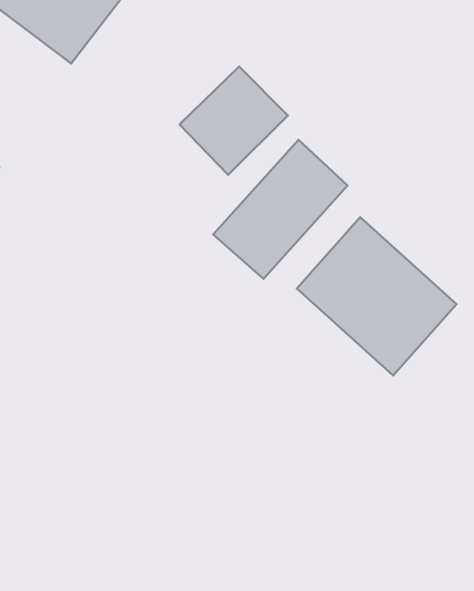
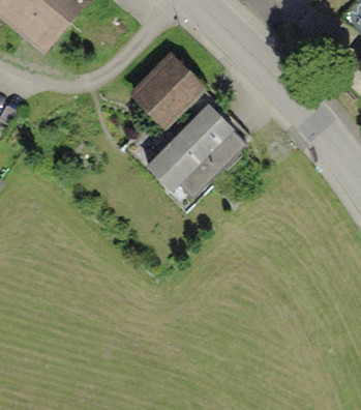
building: [297,217,456,376] -> none

